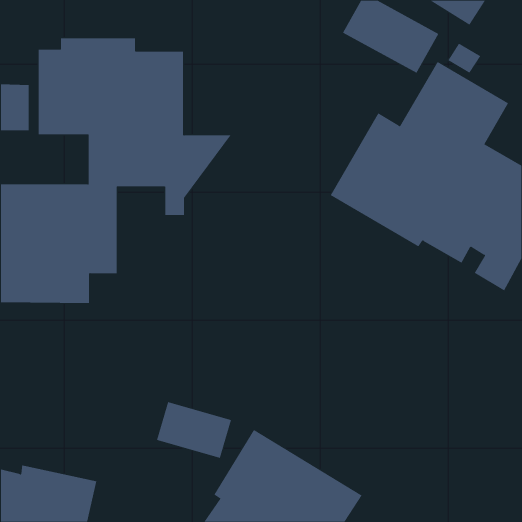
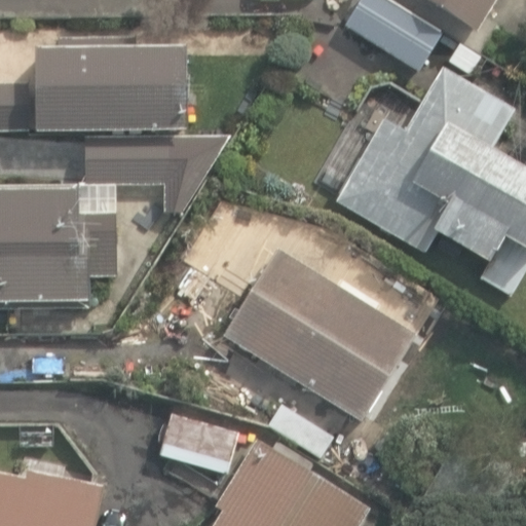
building: none -> [227,253,417,422]

